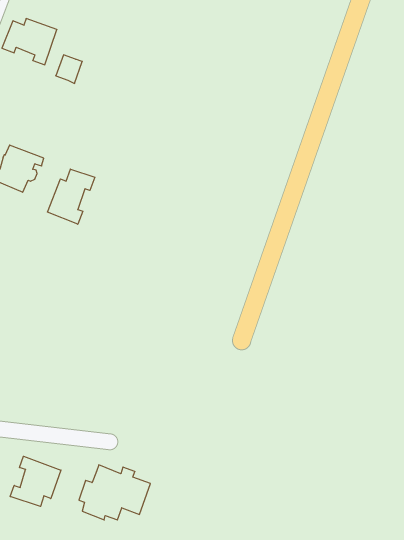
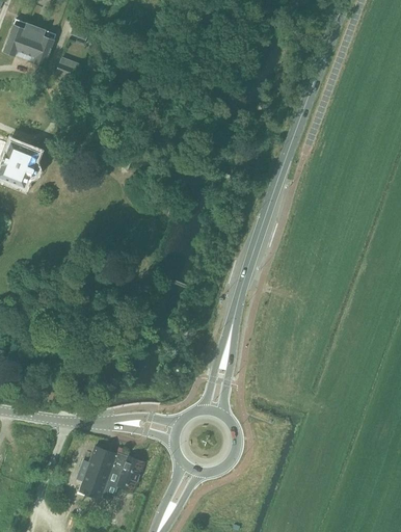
building: [48,169,95,224] -> none
building: [10,456,61,506] -> none

